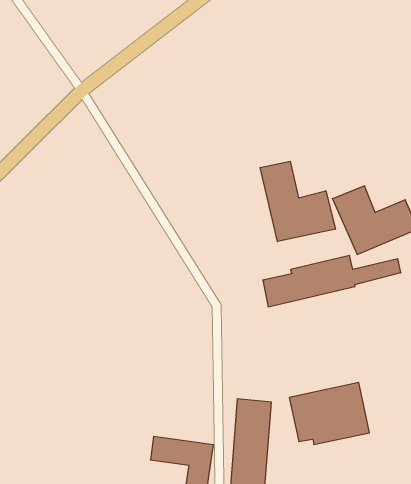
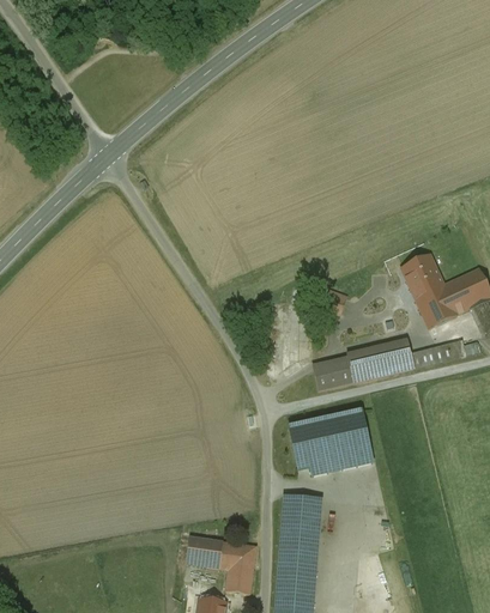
building: [260,161,335,242] -> none
building: [289,383,369,445] -> [286,406,376,475]

